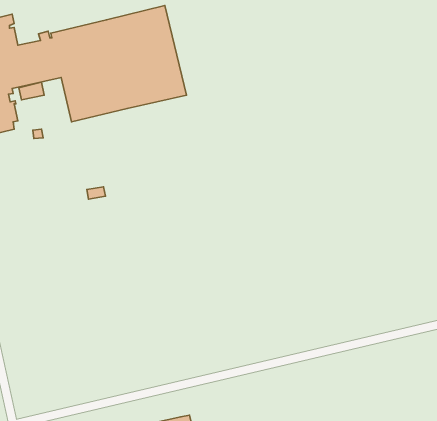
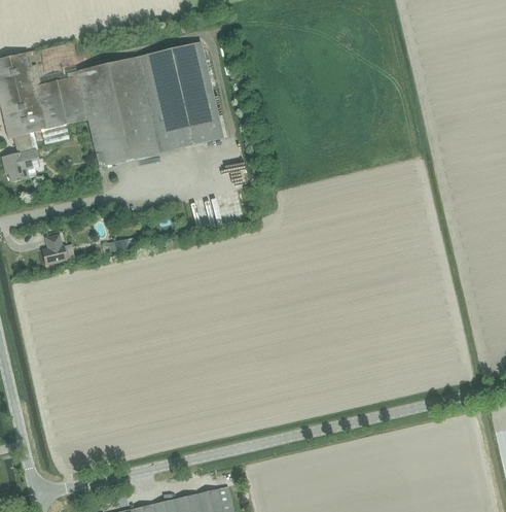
building: none -> [41,234,66,264]

